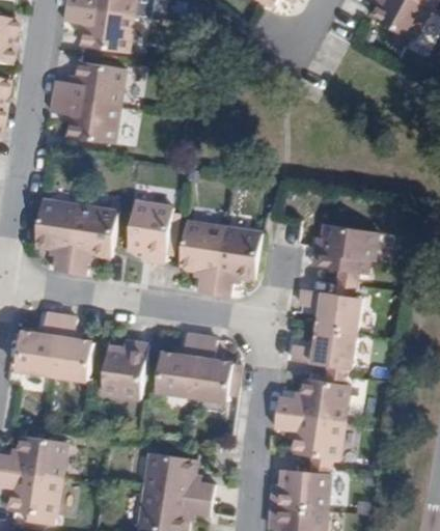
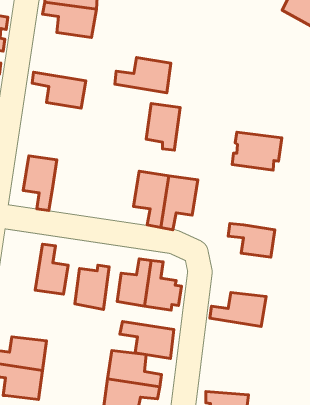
building: [49,60,121,106] -> [115,57,171,93]
building: [128,202,171,262] -> [146,104,180,150]
building: [68,207,115,275] -> none
building: [318,225,382,274] -> [232,132,282,170]
building: [18,314,60,375] -> none
building: [291,328,355,369] -> none
building: [273,412,342,459] -> [120,321,174,358]
building: [271,469,328,510] -> none

